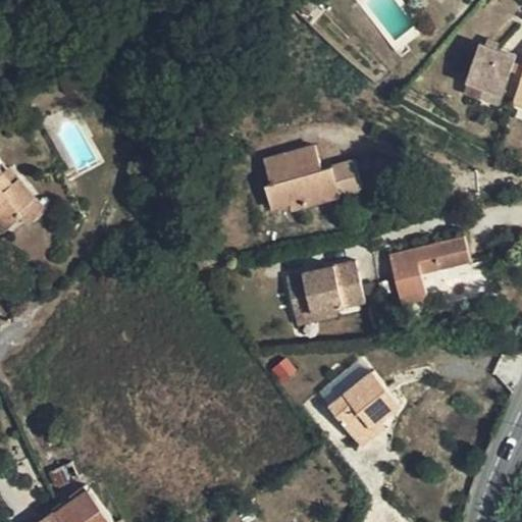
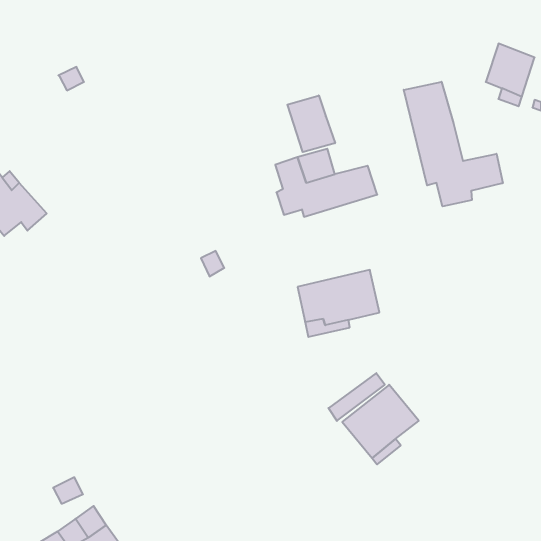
building: none -> [404,82,503,206]
building: none -> [287,95,335,152]
building: [387,238,469,305] -> none

